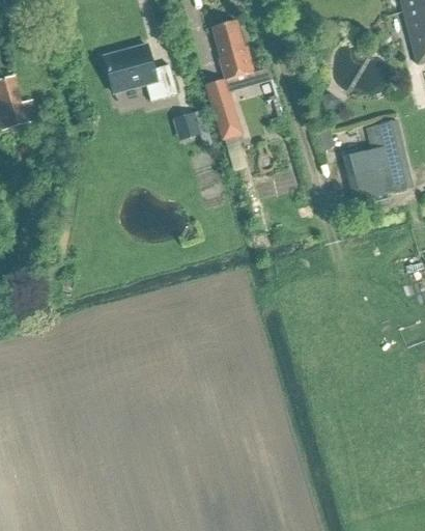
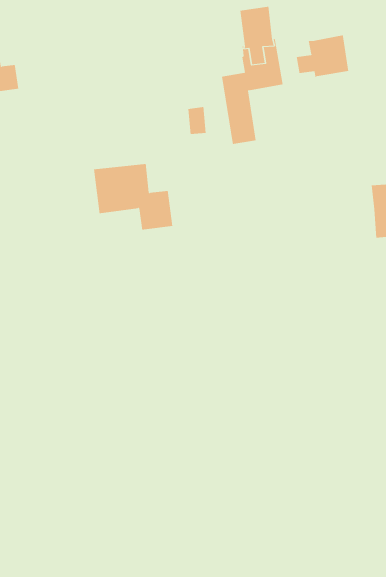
building: none -> [296,35,349,78]
building: [103,45,176,101] -> [93,163,173,230]

